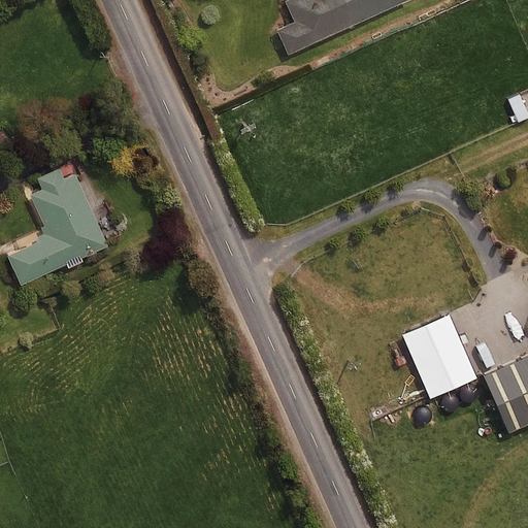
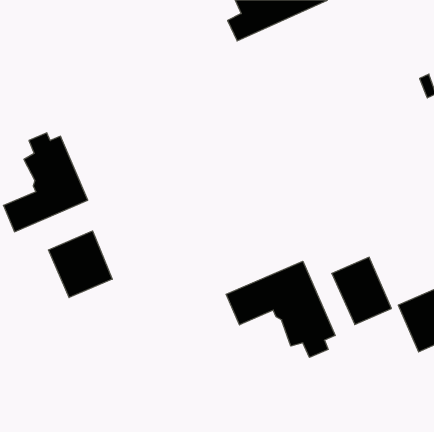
building: none -> [49,231,112,298]
building: none -> [226,261,335,357]

